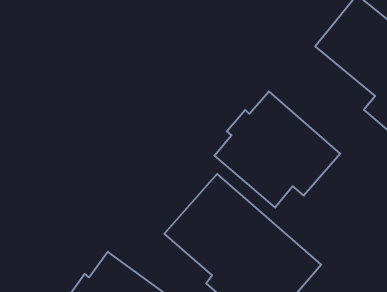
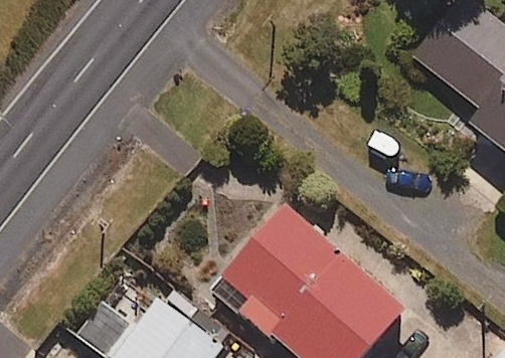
building: [214,91,340,208] -> none

